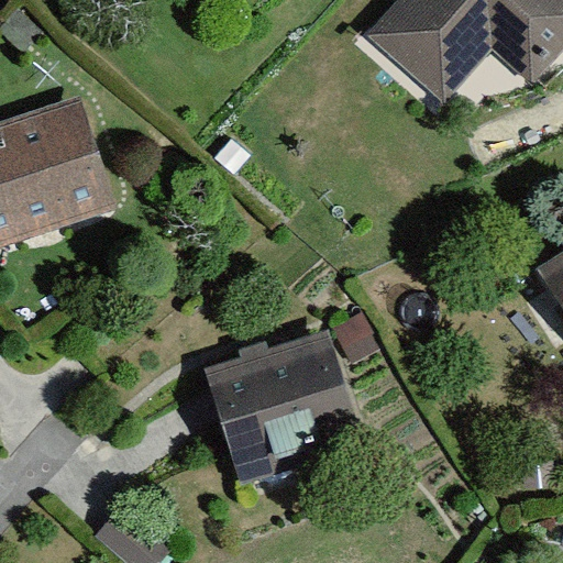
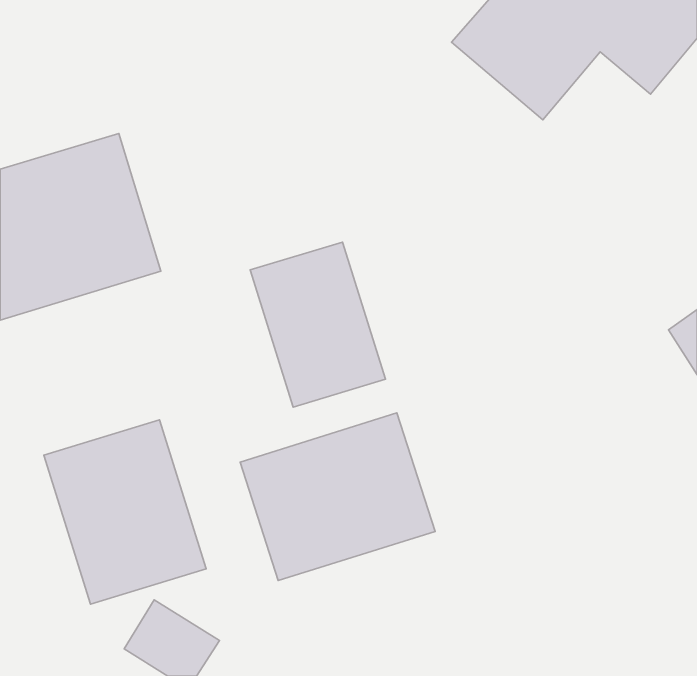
building: none -> [250,242,385,407]
building: none -> [44,420,206,604]

